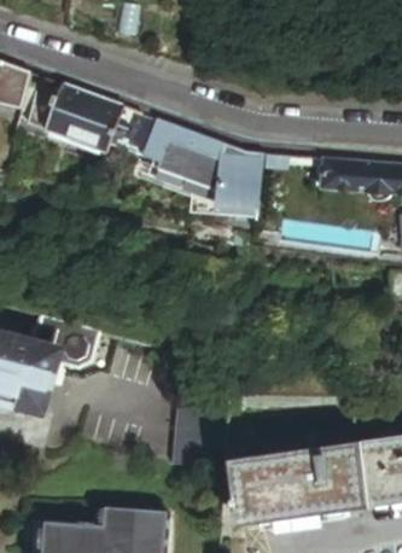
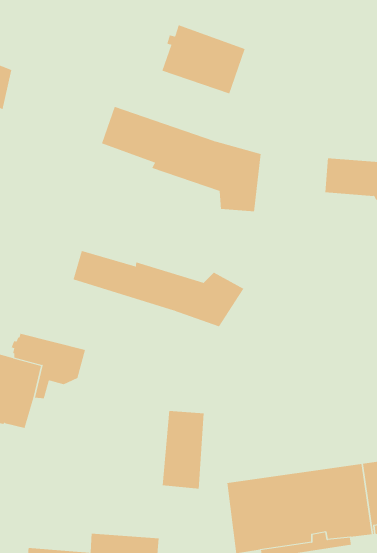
building: [43,85,122,150] -> [161,24,245,94]
building: none -> [73,250,244,327]

